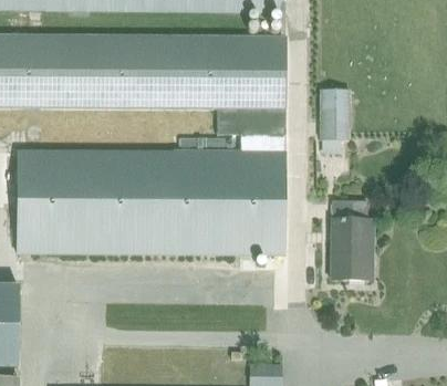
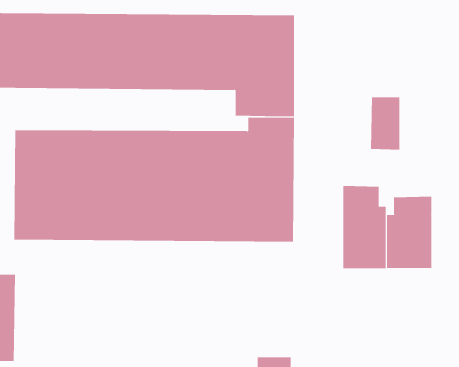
building: [320,90,349,140] -> [370,97,400,150]
building: none -> [386,196,432,269]

